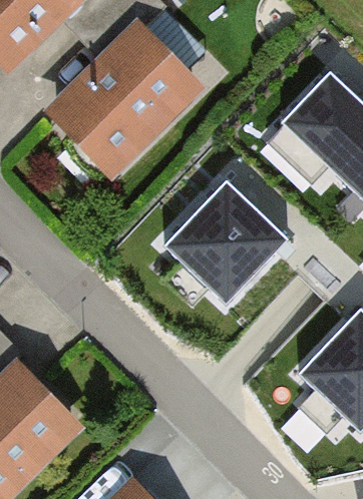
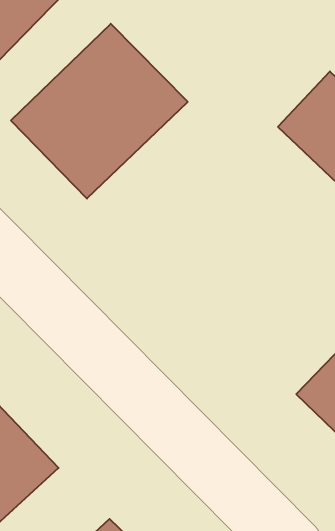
building: [165,178,288,301] -> none

